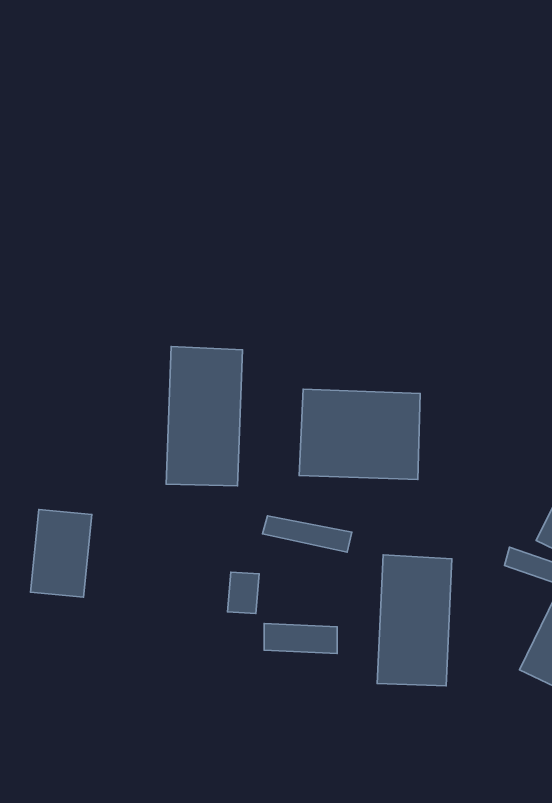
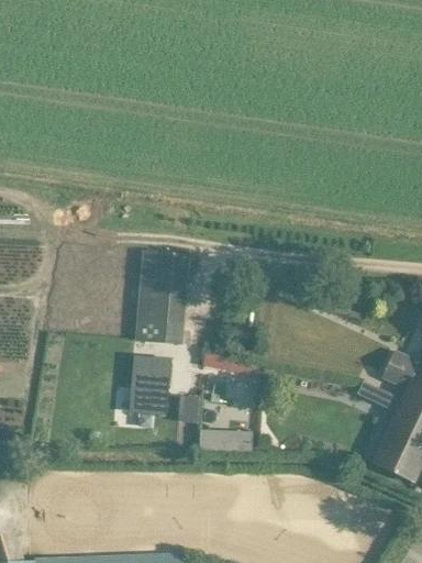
building: [299,389,420,480] -> none
building: [30,509,92,597] -> [129,355,169,413]
building: [377,555,452,686] -> none

